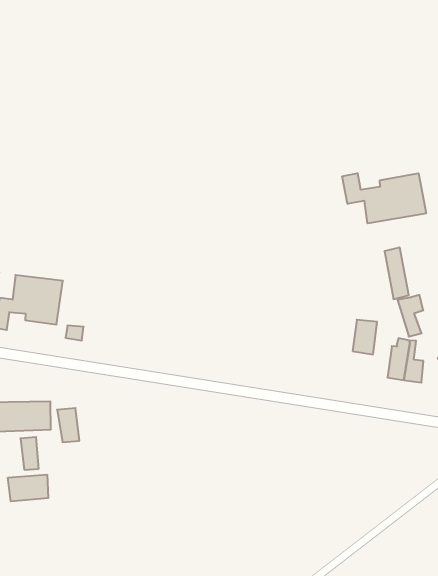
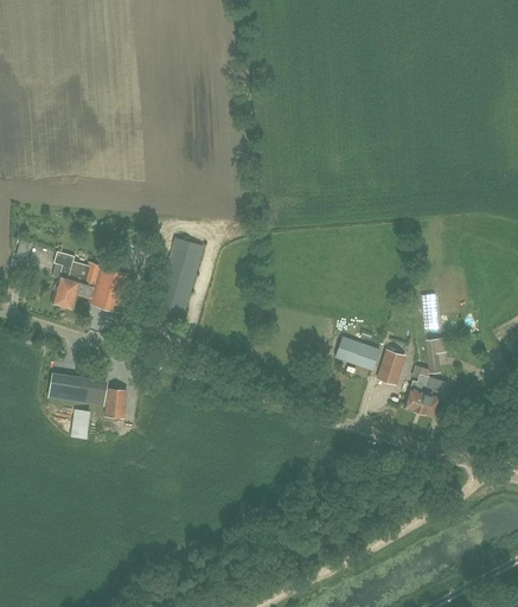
building: [342,173,426,223] -> none
building: none -> [154,237,204,319]
building: none -> [335,336,379,370]
building: [8,475,48,501] -> none

